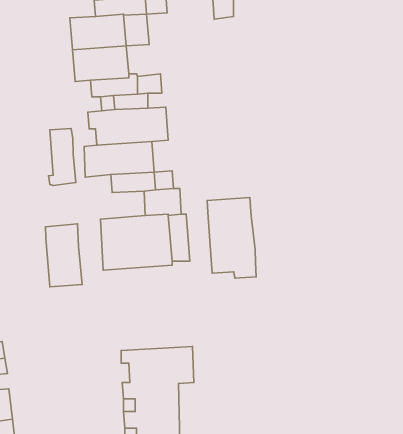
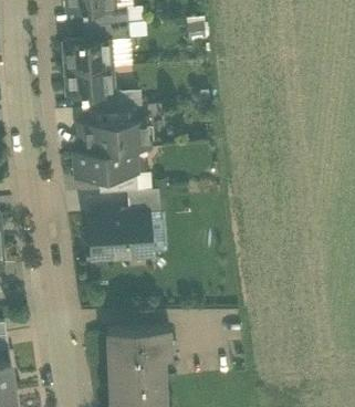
building: [48,129,76,186] -> none
building: [207,198,256,278] -> none
building: [45,224,82,287] -> none

